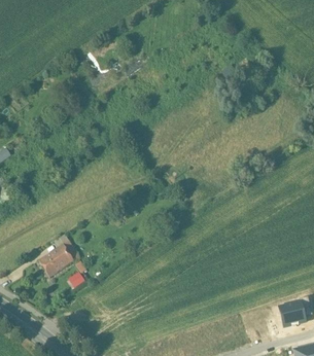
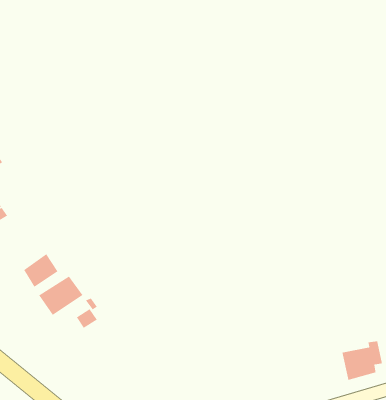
building: none -> [23,253,59,288]

